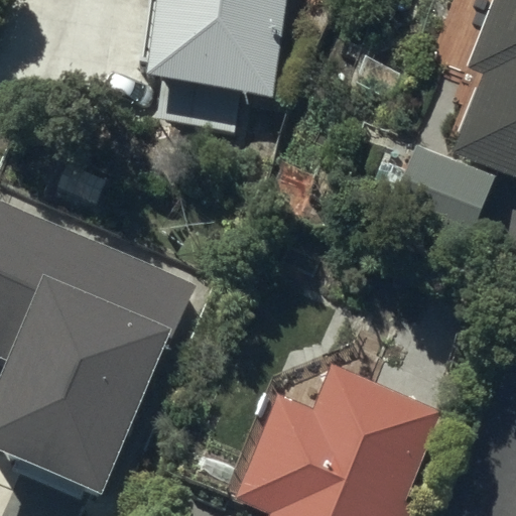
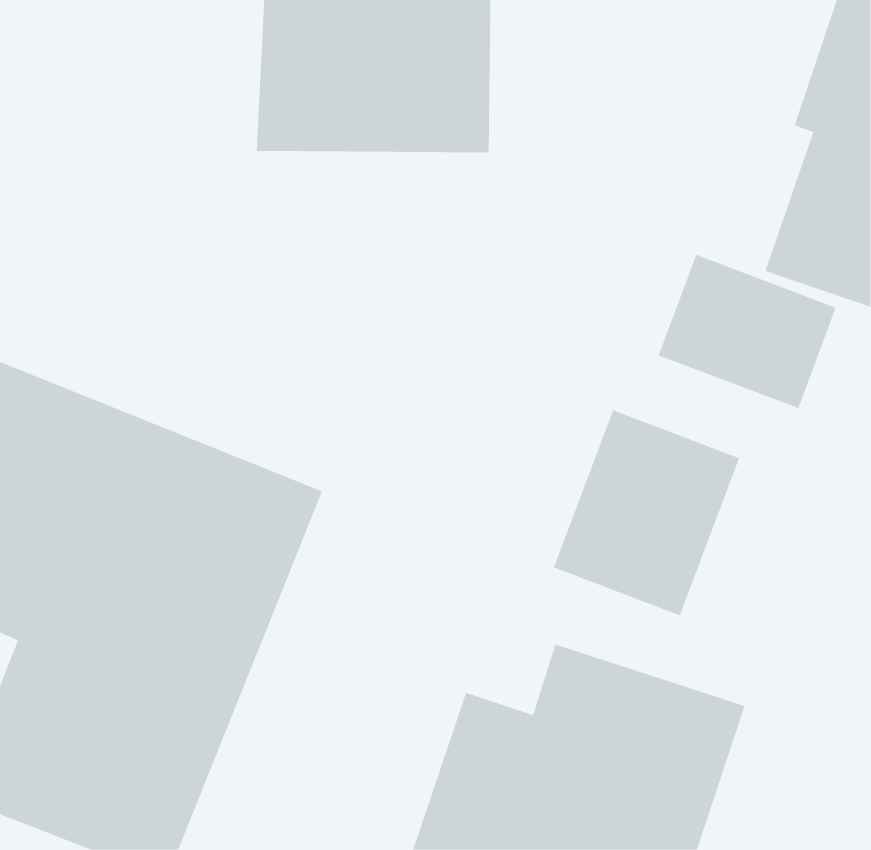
building: none -> [553,409,740,616]

